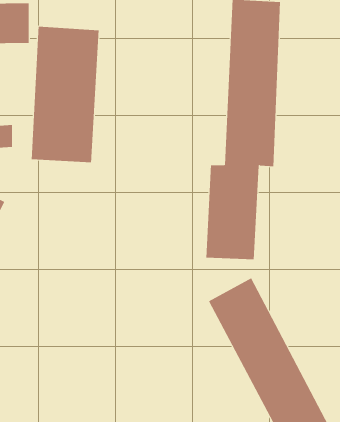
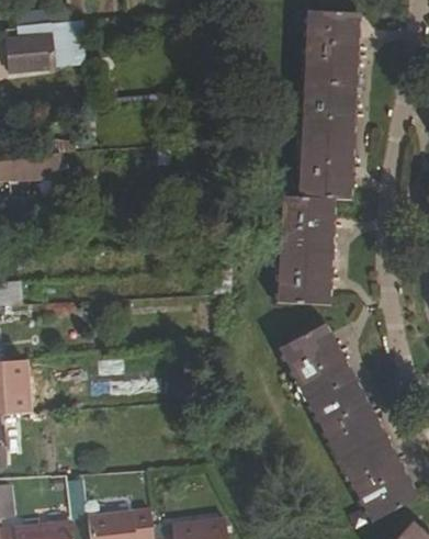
building: [31,26,99,163] -> none

